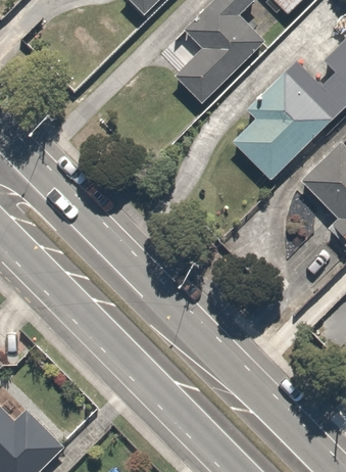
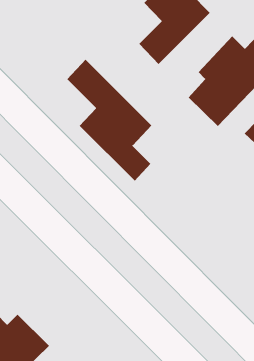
building: none -> [66,59,152,182]

